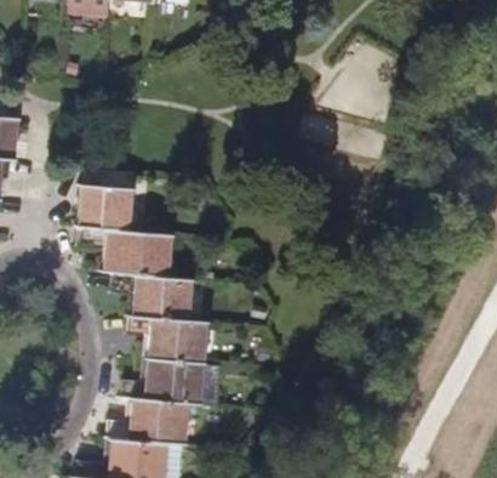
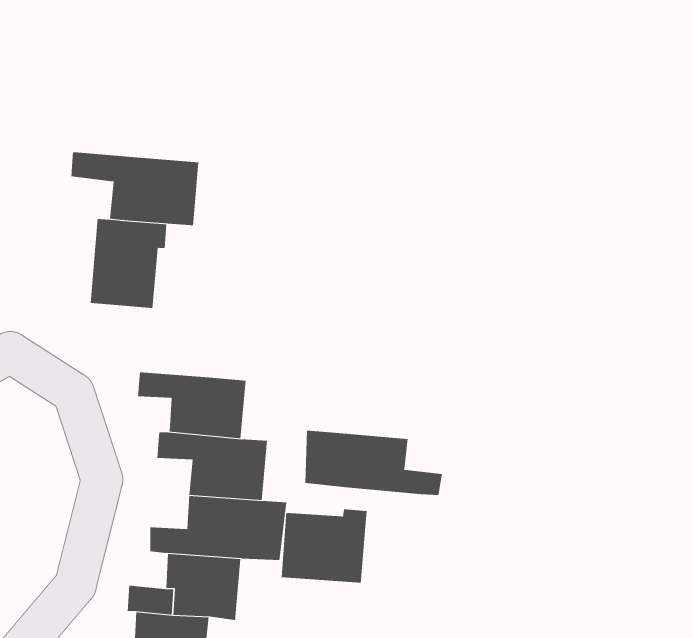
building: [79,229,167,280] -> [71,152,199,226]
building: none -> [305,430,443,496]
building: none -> [281,509,367,584]

